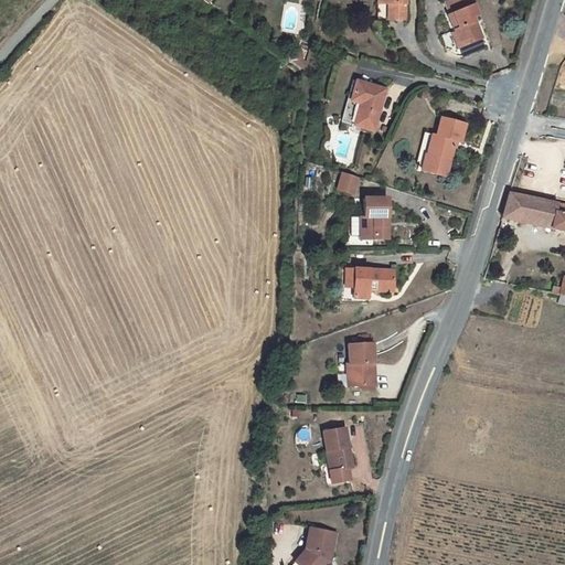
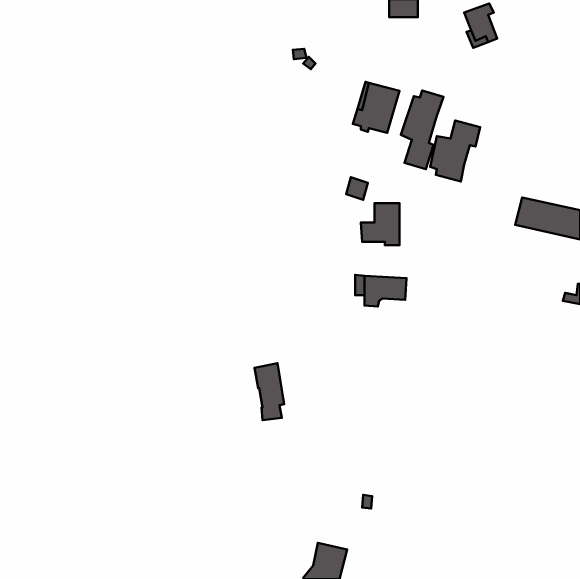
building: none -> [401,90,443,169]
building: [347,343,374,386] -> none
building: [324,426,353,481] -> [255,363,284,420]

